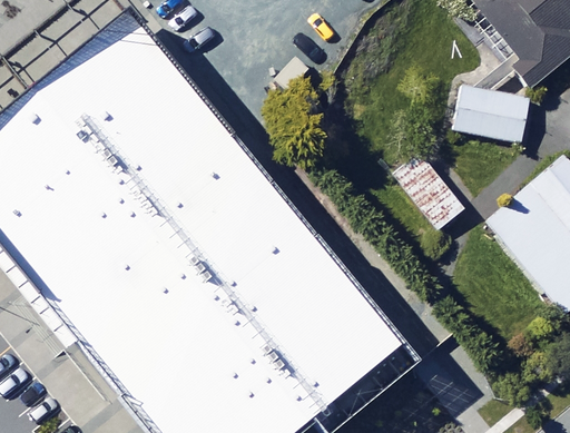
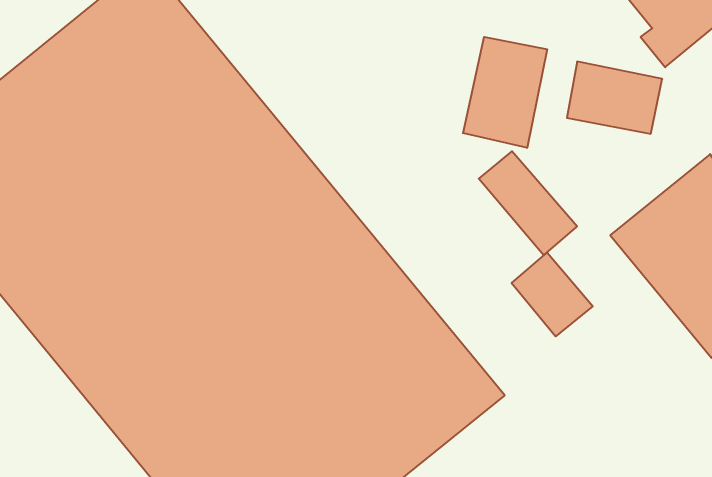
building: none -> [463,37,547,148]
building: none -> [512,252,593,336]

